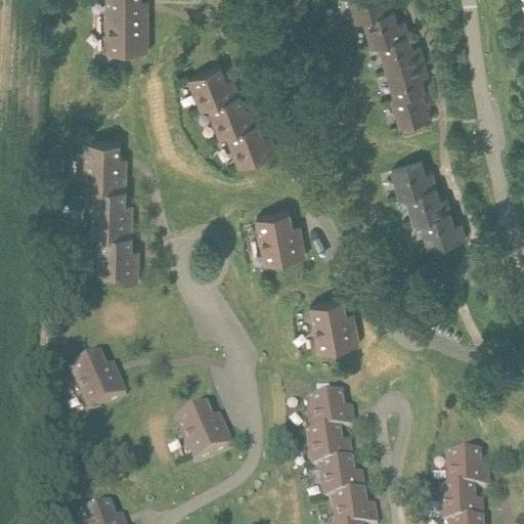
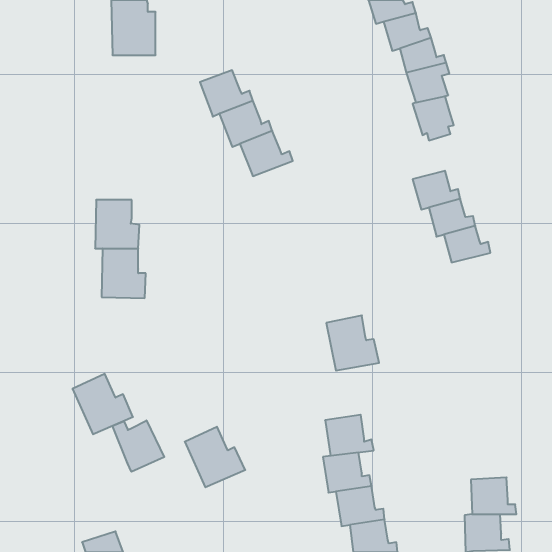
building: [84,141,126,189] -> none
building: [256,212,305,264] -> none
building: none -> [113,420,164,472]

